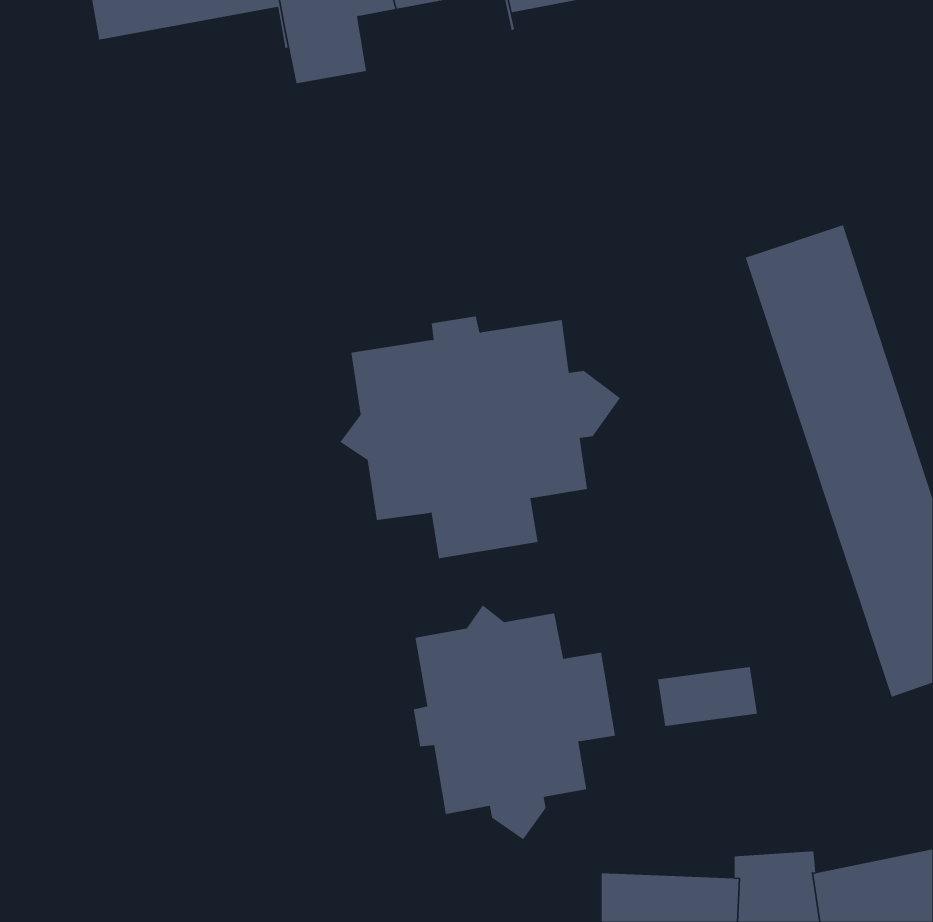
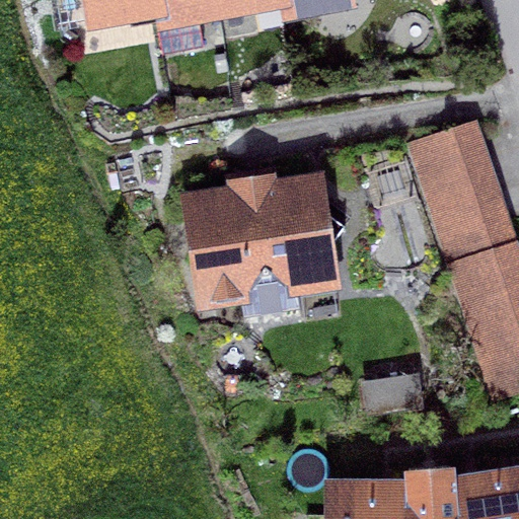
building: [413,604,615,840] -> none

